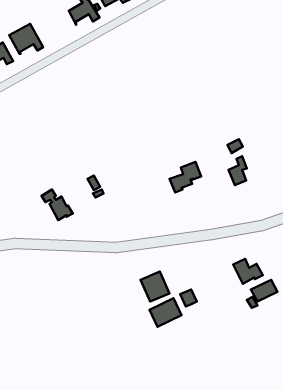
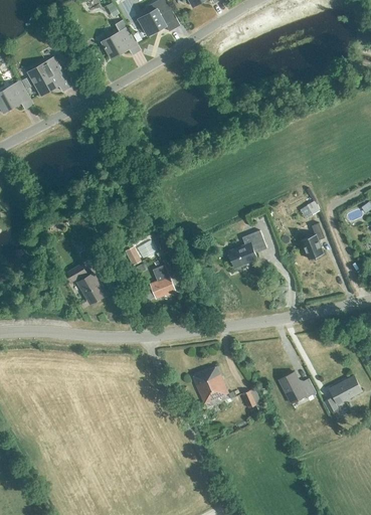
building: none -> [146,265,175,299]
building: [233,259,263,284] -> [280,372,317,403]
building: [149,298,181,327] -> none

